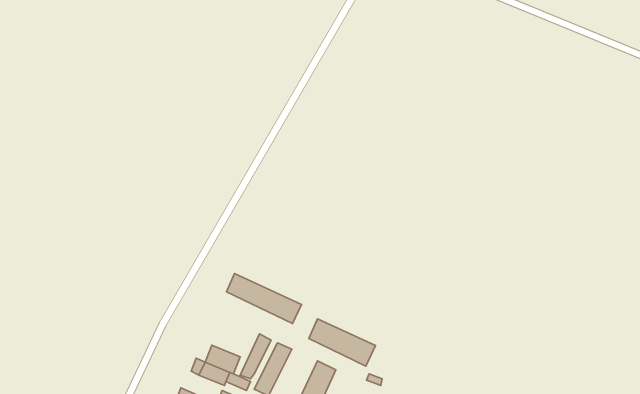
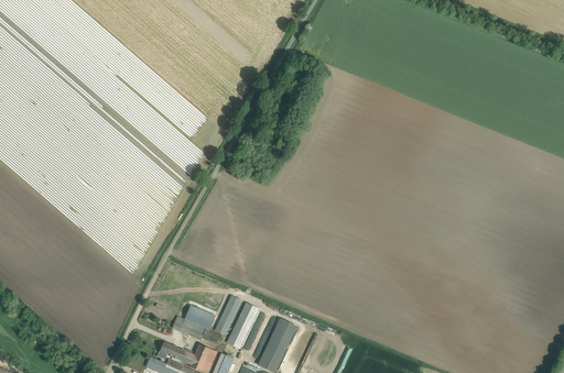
building: [226,273,301,324] -> none
building: [309,319,375,366] -> none

